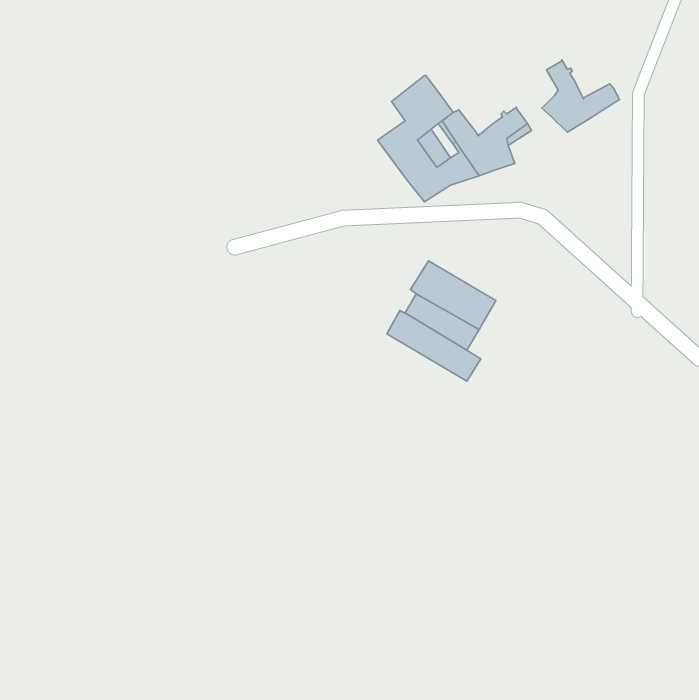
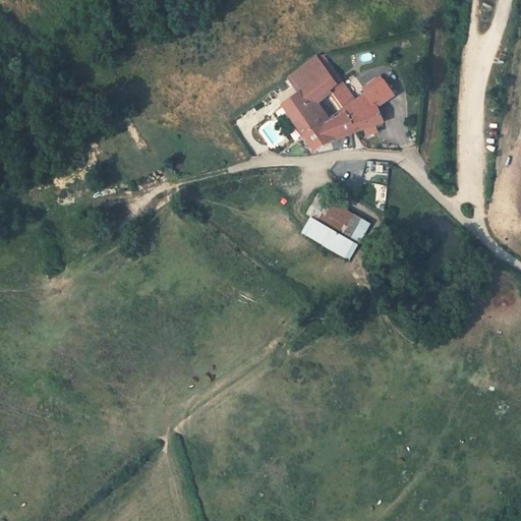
building: [542,60,620,132] -> none
building: [387,311,481,381] -> none

